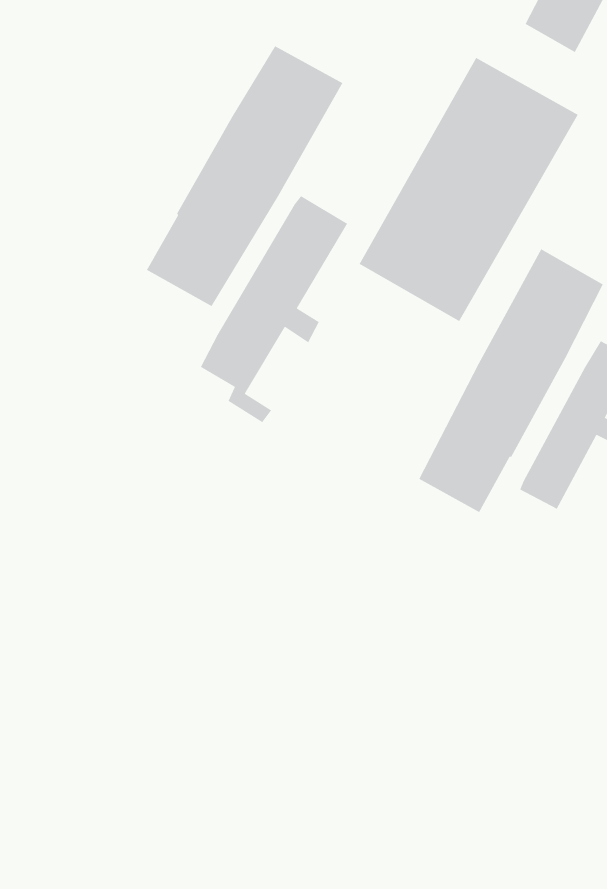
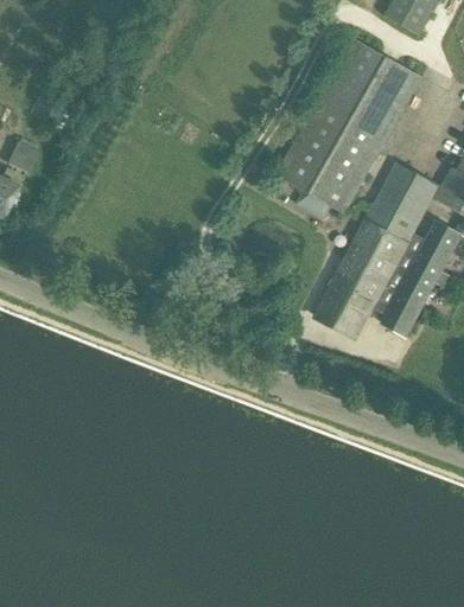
building: [146,45,344,307] -> none
building: [200,195,348,423] -> none

